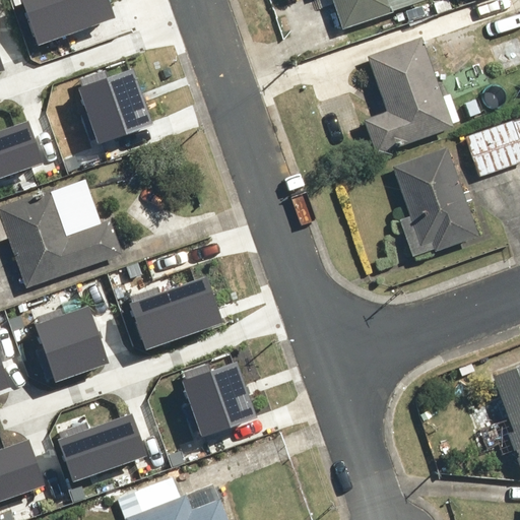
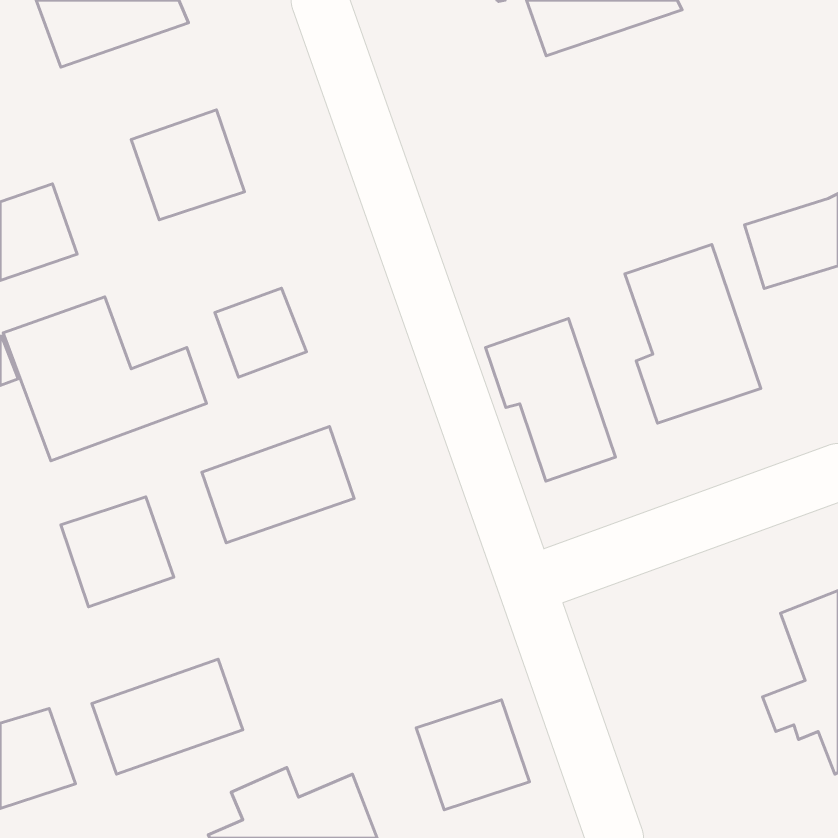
building: [362,42,458,159] -> none
building: none -> [215,288,306,377]
building: none -> [486,319,616,481]
building: [184,363,254,431] -> [416,700,529,810]

